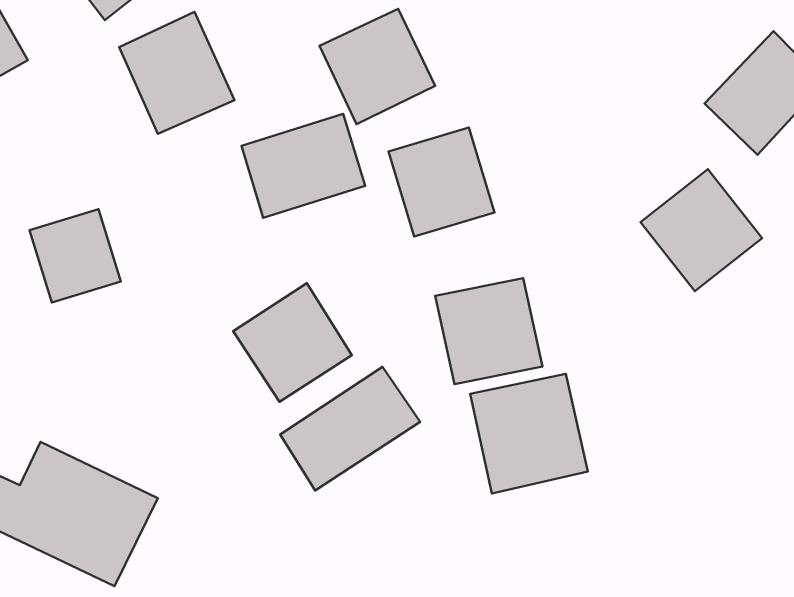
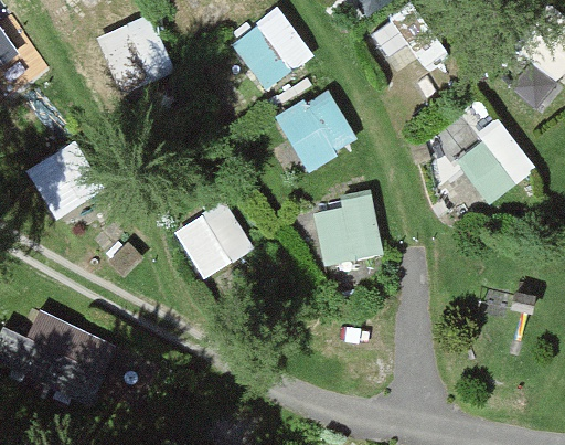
building: [241,114,365,218] -> none
building: [280,367,420,490] -> none
building: [470,374,588,494] -> none

